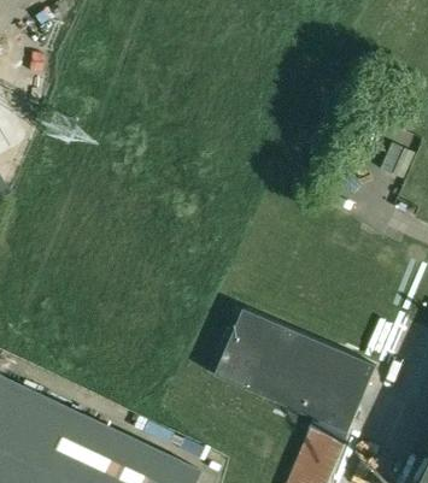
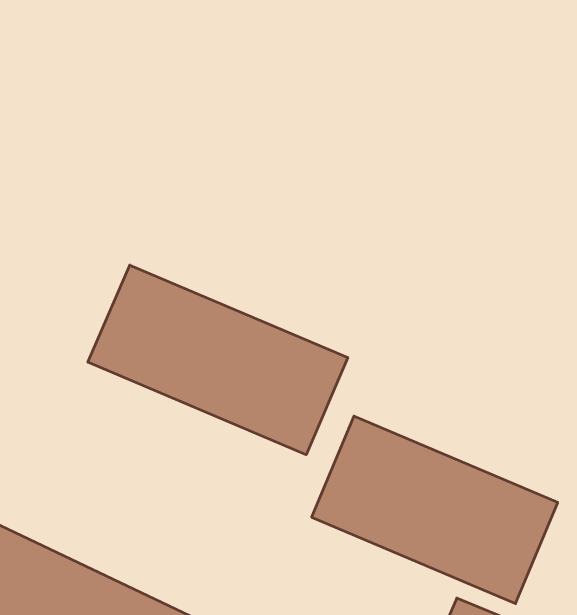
building: none -> [88,265,348,455]

